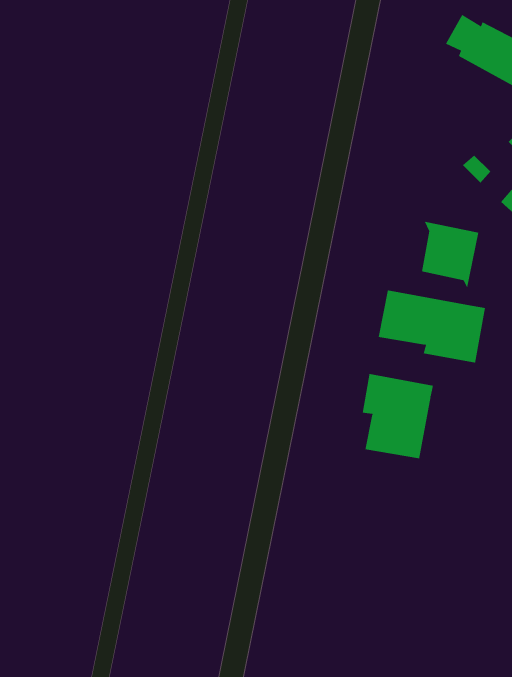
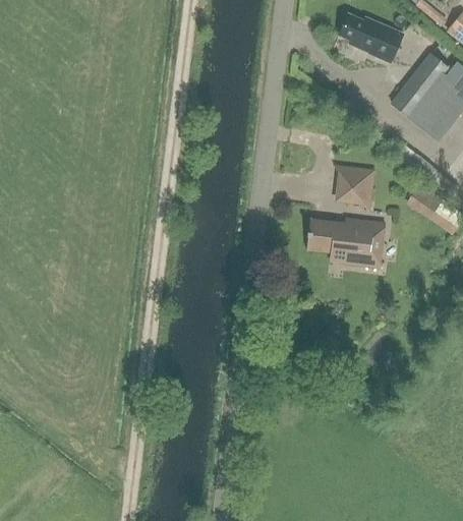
building: [362,373,433,459] -> none

